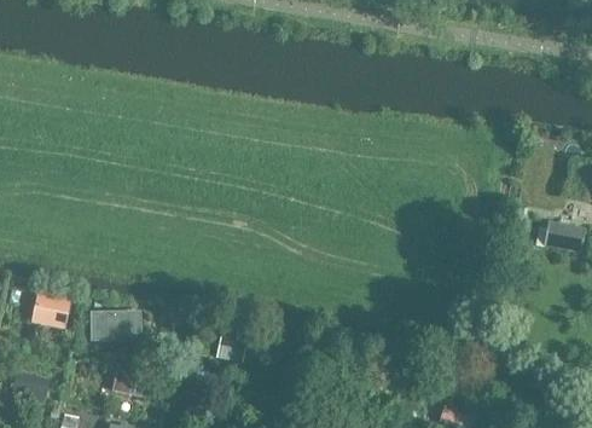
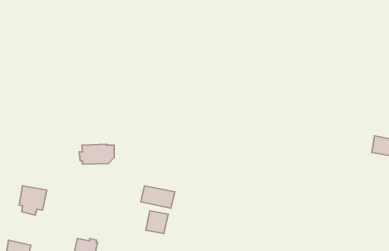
building: none -> [141,186,175,208]
building: [89,311,140,340] -> [79,144,114,164]

